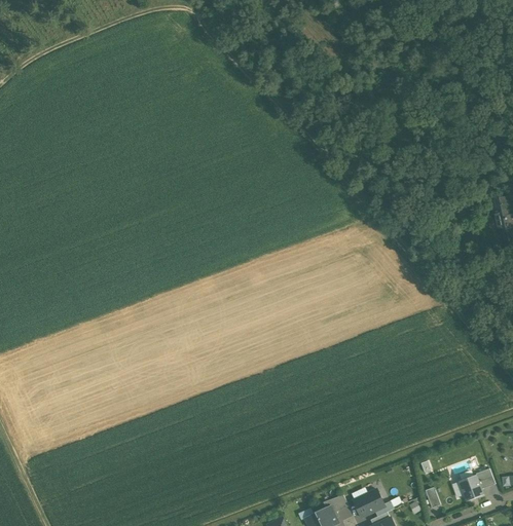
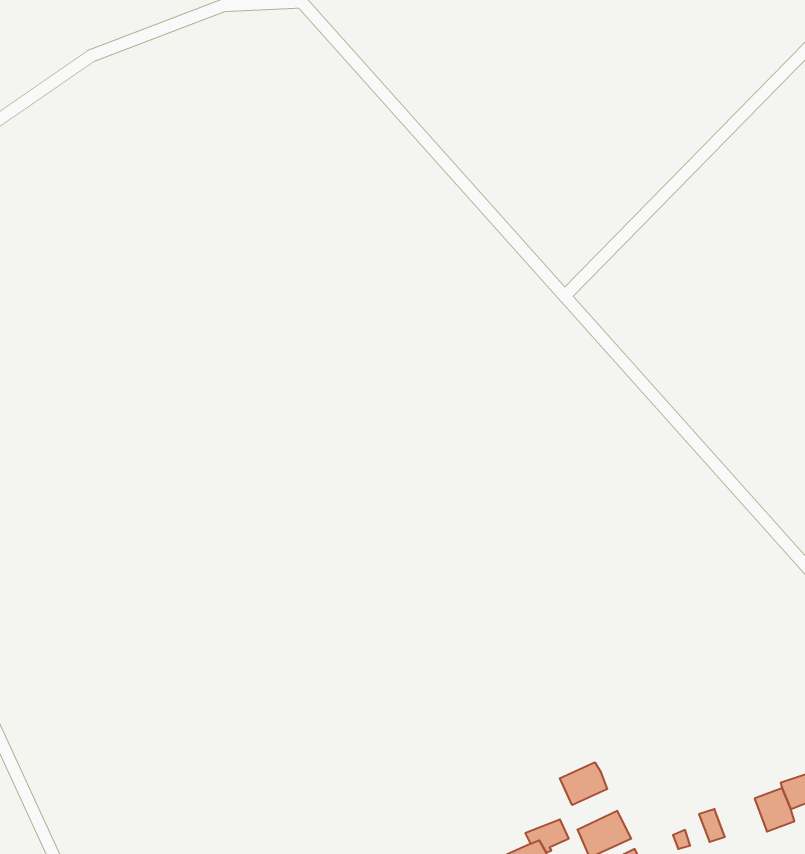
building: none -> [560,762,607,805]

